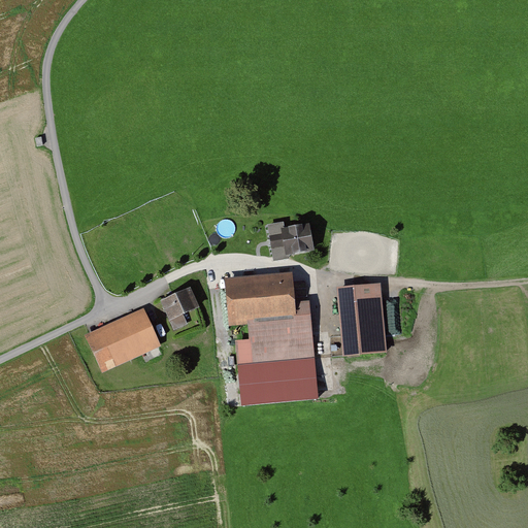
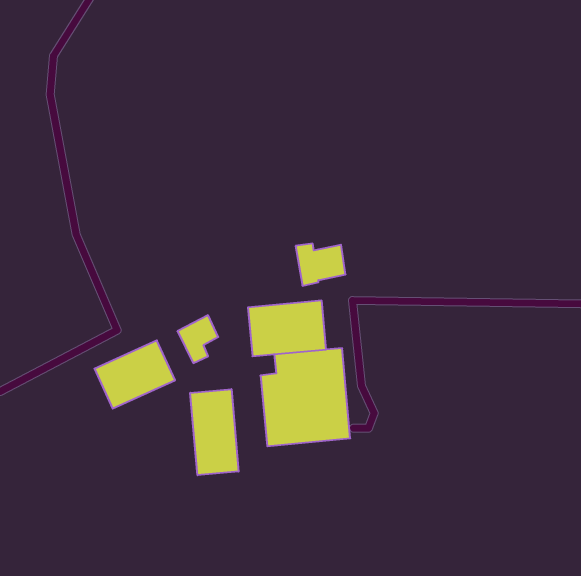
building: [339,285,389,355] -> none
building: none -> [190,389,239,475]

